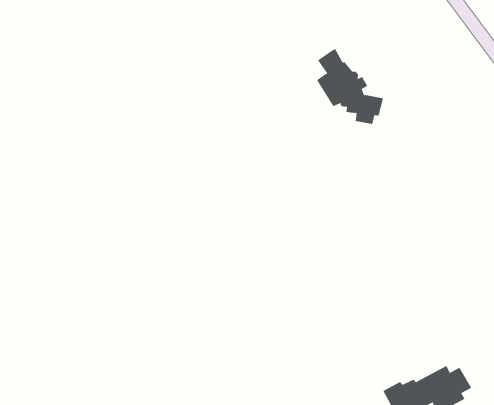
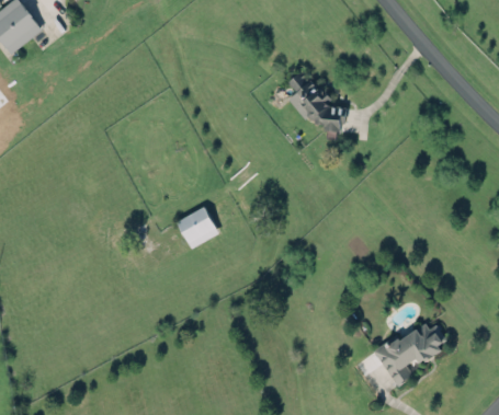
building: none -> [175,208,218,250]

